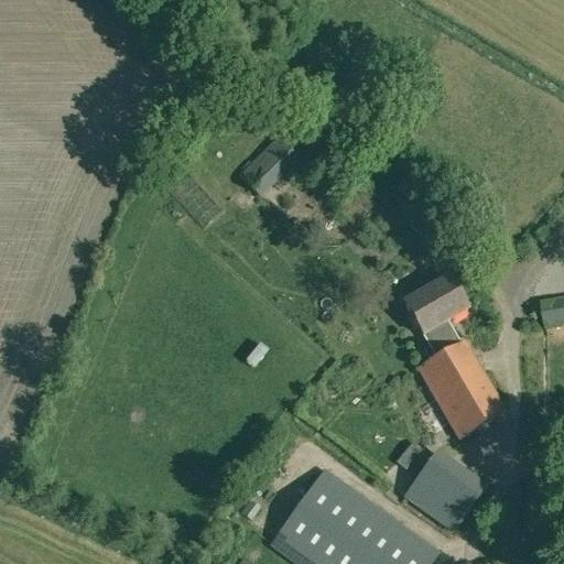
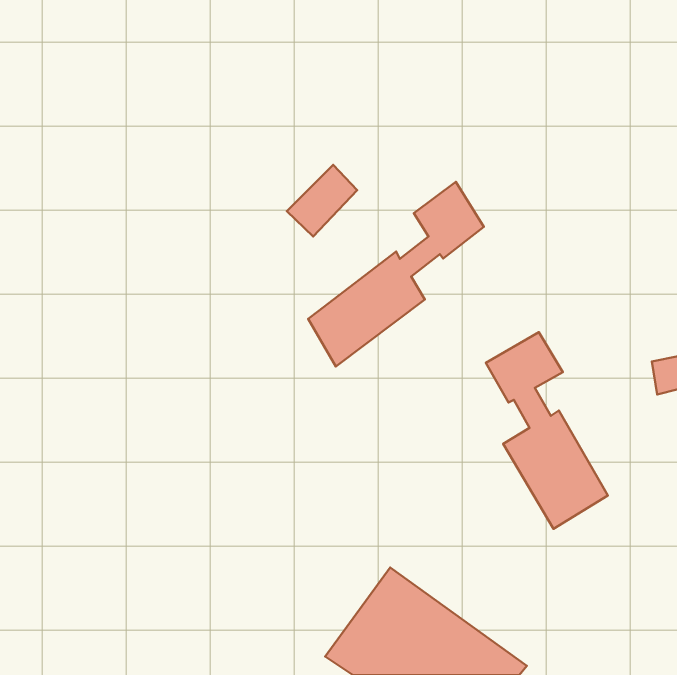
building: none -> [308,182,484,367]
building: [404,448,488,531] -> none

